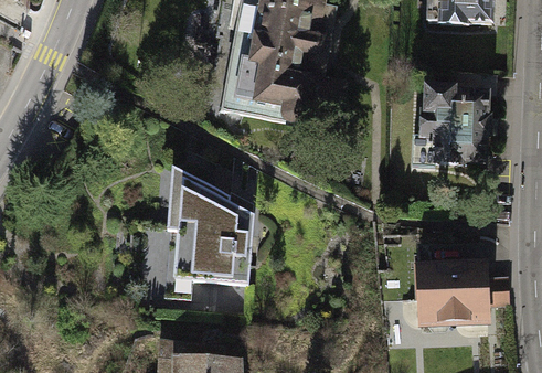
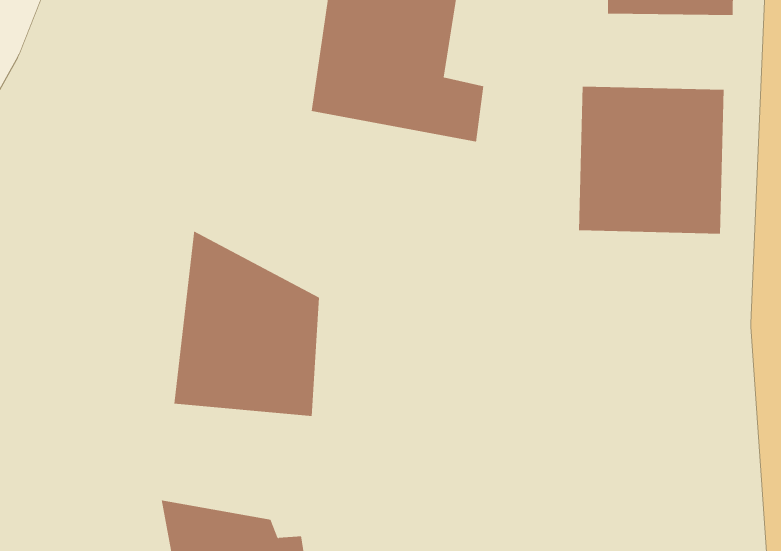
building: [413,256,510,326] -> none

